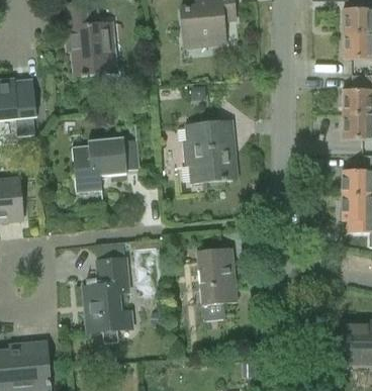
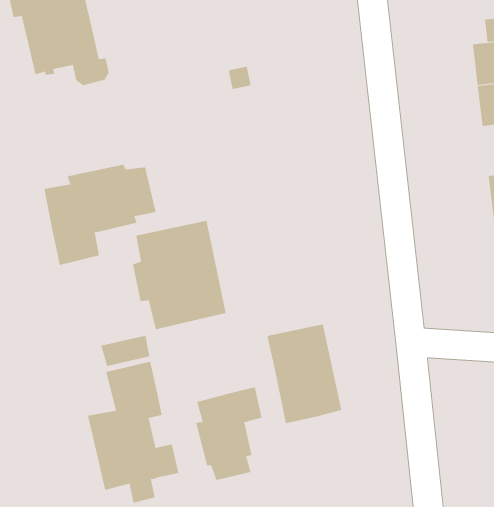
building: [183,121,237,184] -> [132,220,226,330]
building: none -> [196,386,262,481]

